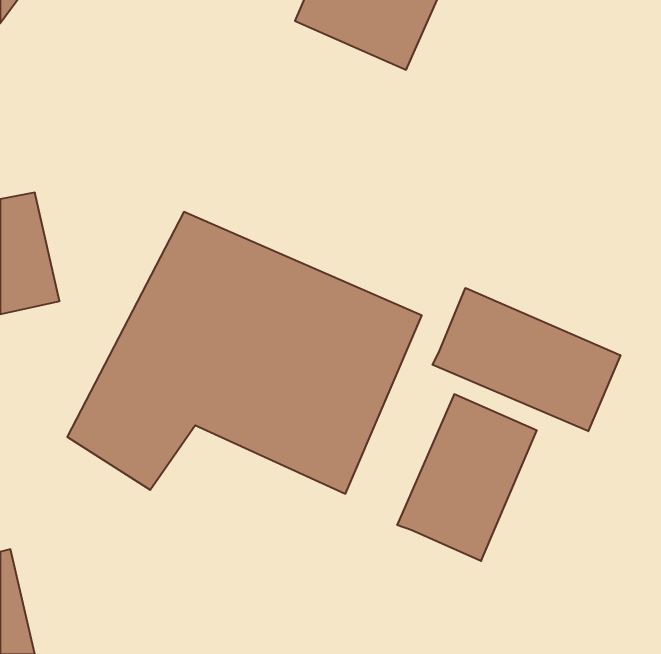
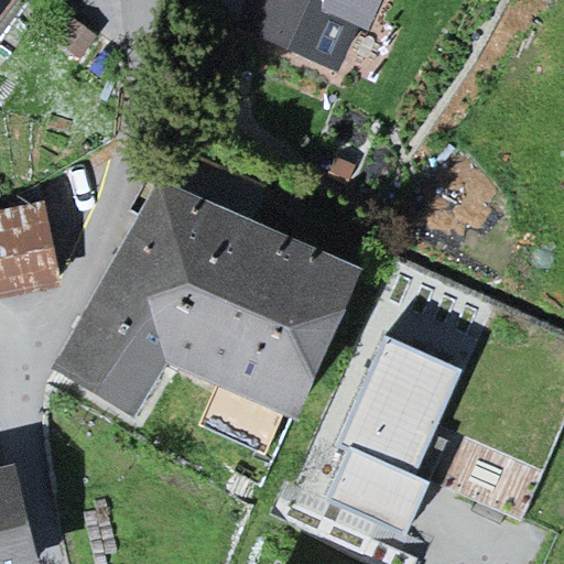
building: [432,288,620,431] -> none
building: none -> [326,452,432,545]

